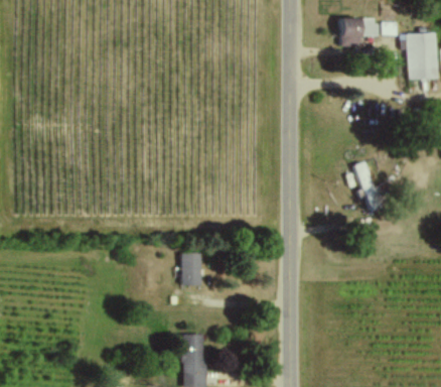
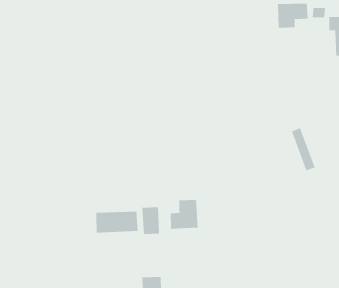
building: none -> [170,199,198,229]
building: none -> [96,211,138,234]

